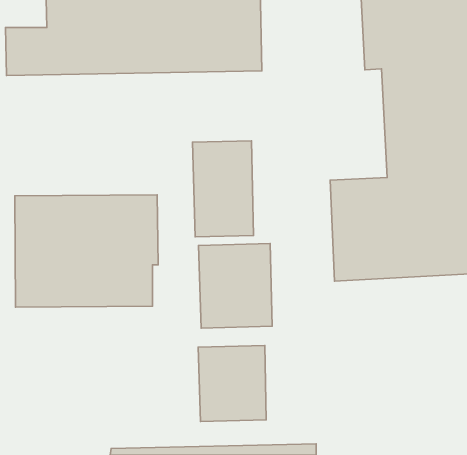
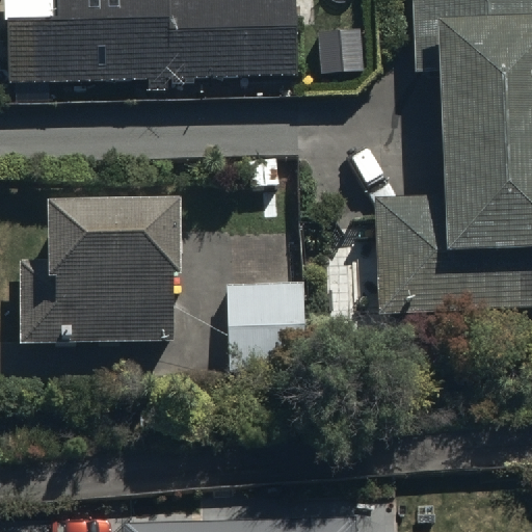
building: [193,141,253,237] -> none
building: [198,346,266,422] -> none

